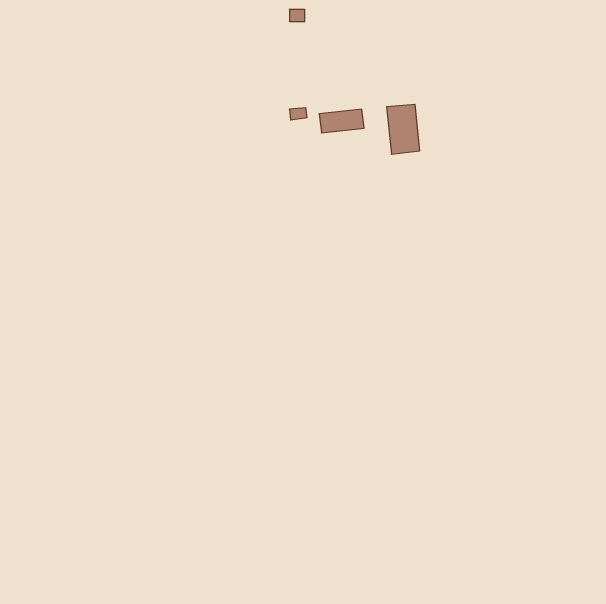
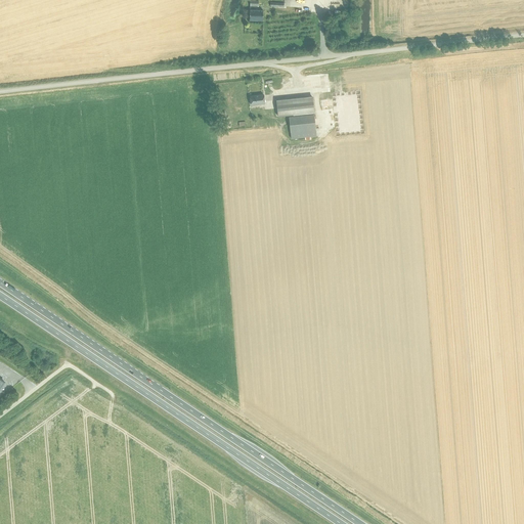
building: none -> [289,113,316,137]

